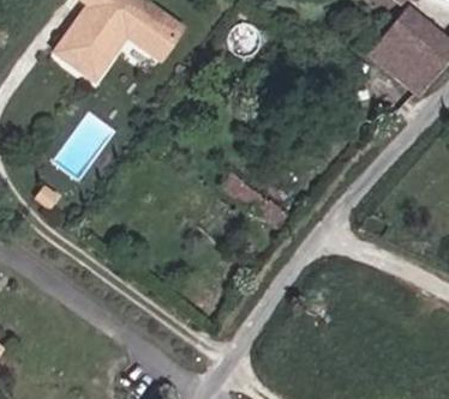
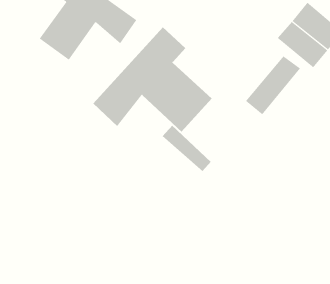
building: none -> [92,27,213,133]
building: none -> [245,56,301,115]

